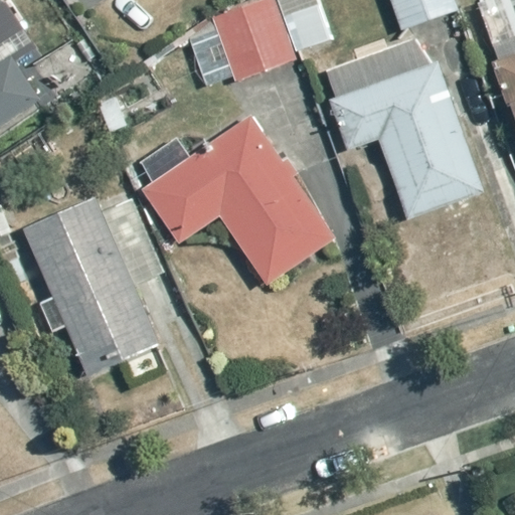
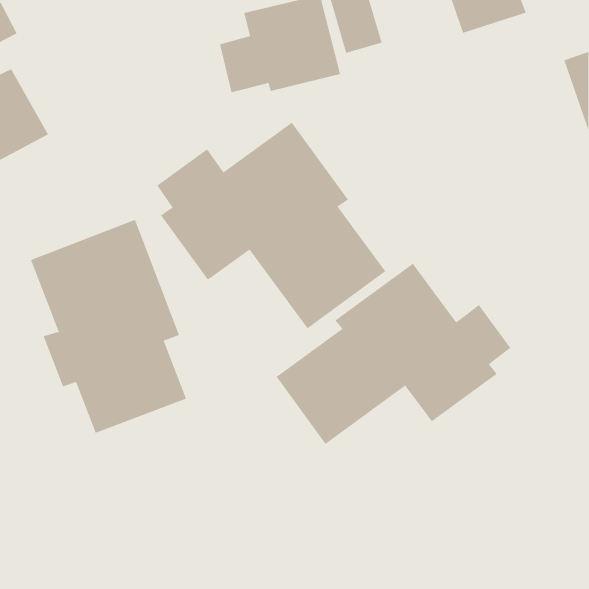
building: [322,38,481,219] -> none
building: none -> [276,263,511,445]

